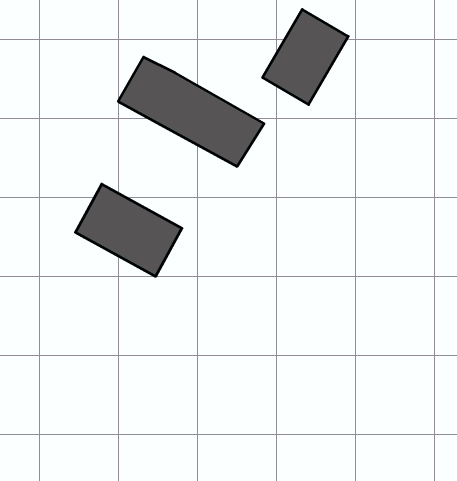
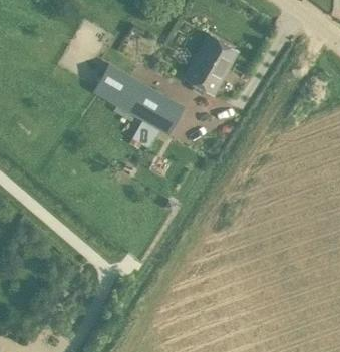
building: [75,184,182,276] -> none

